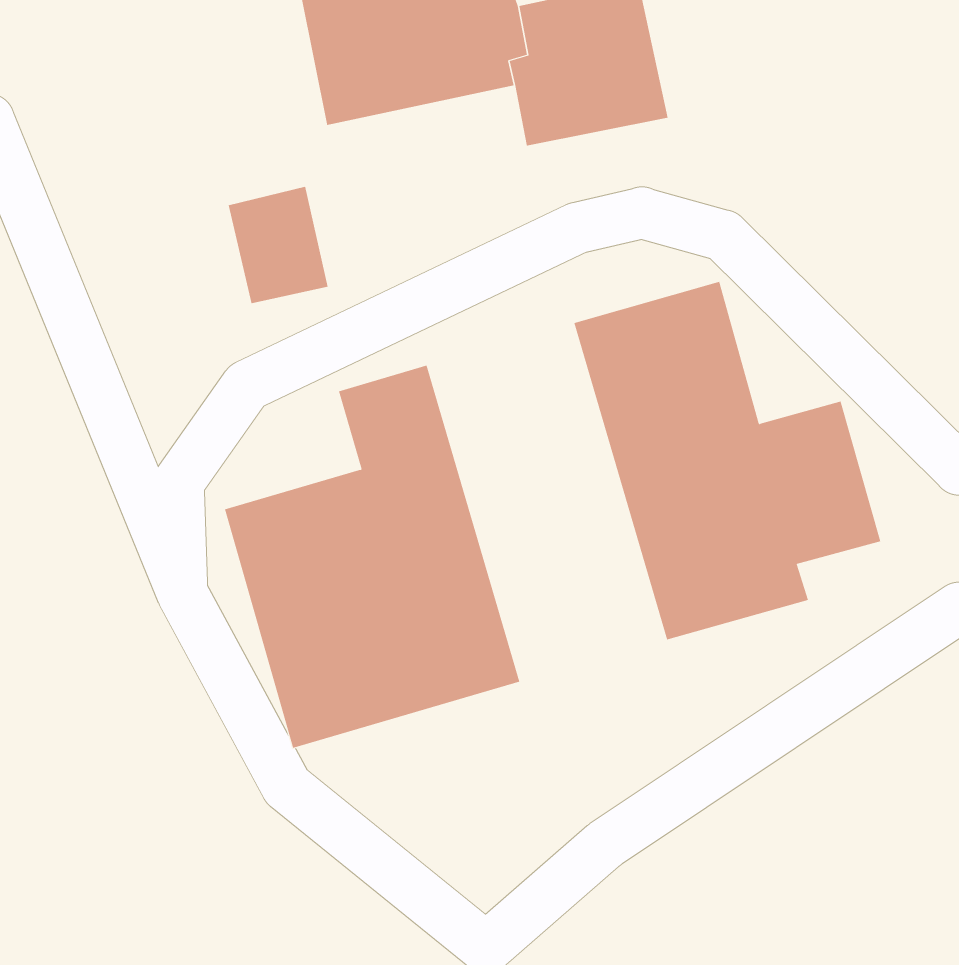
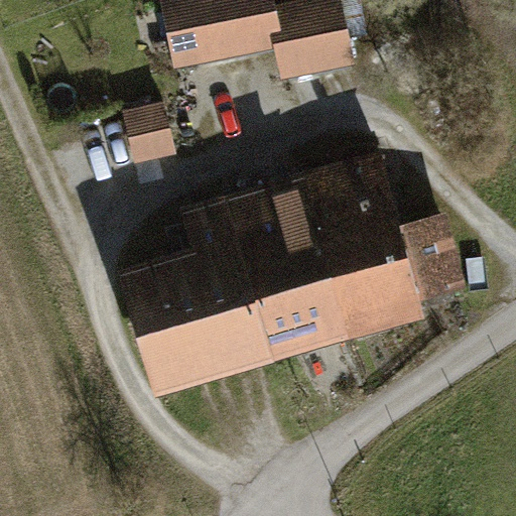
building: none -> [227,171,354,362]

